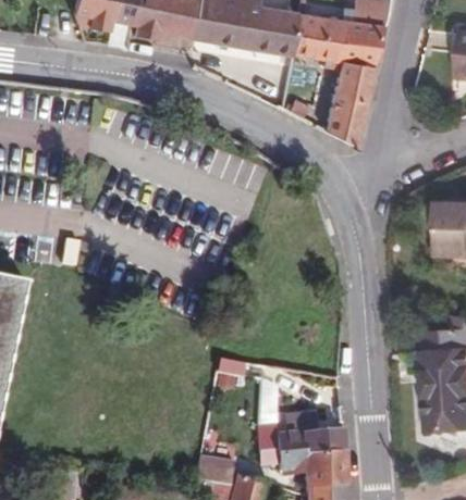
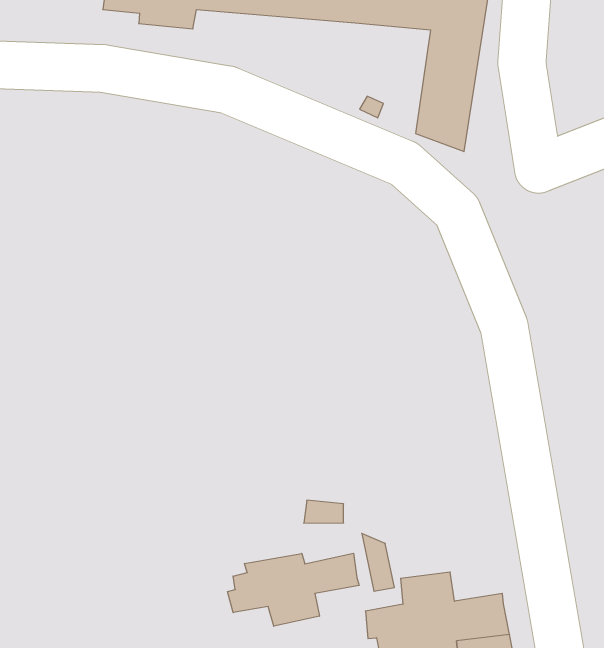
building: none -> [227,553,359,626]

